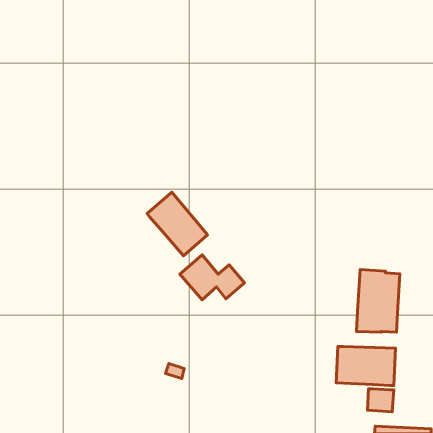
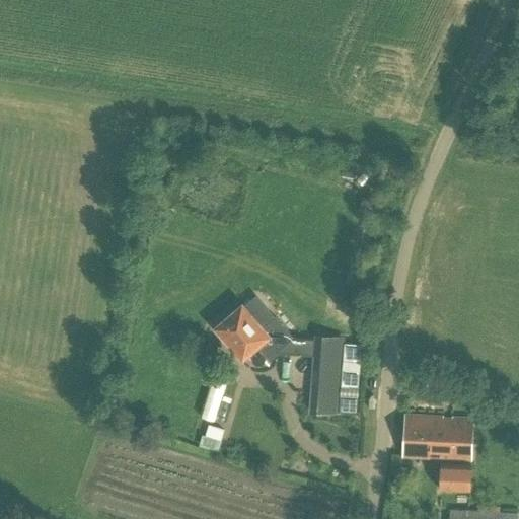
building: [147,192,208,256] -> none
building: [357,269,400,332] -> [308,340,360,415]

